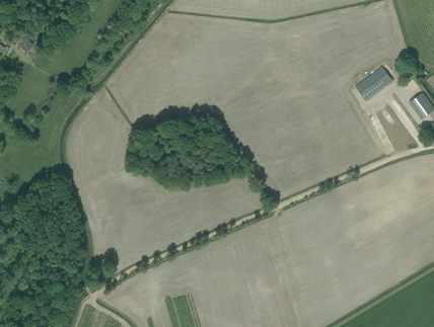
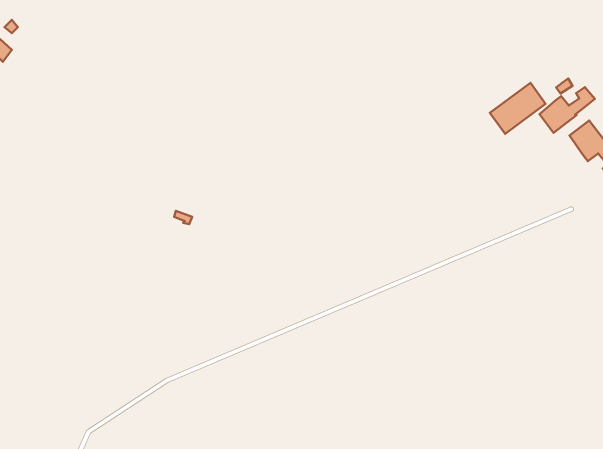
building: none -> [539,87,595,133]

